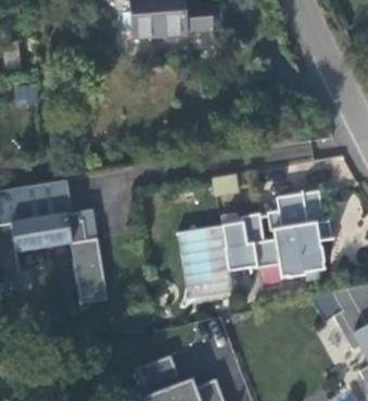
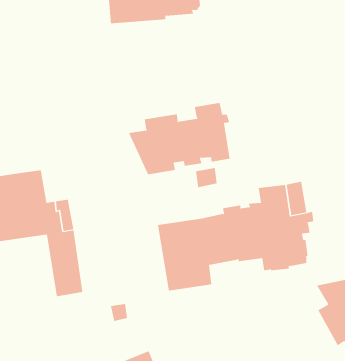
building: none -> [128,102,230,175]

